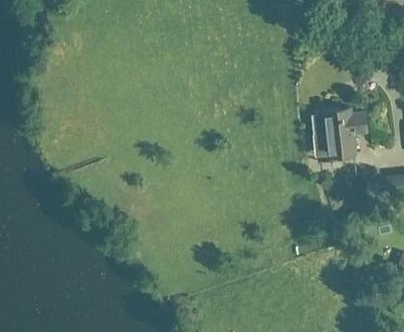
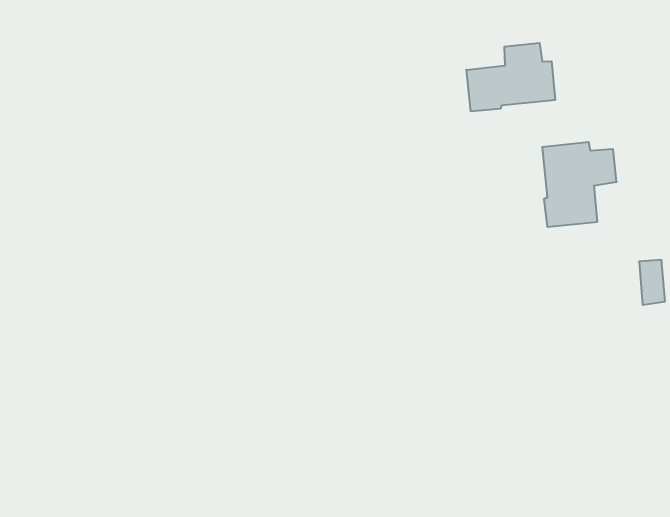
building: none -> [466,43,555,111]

